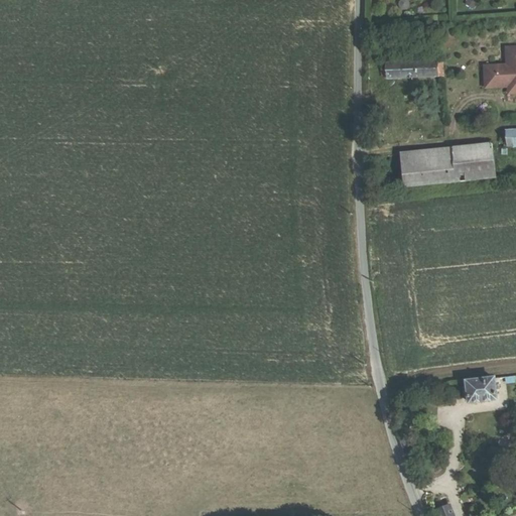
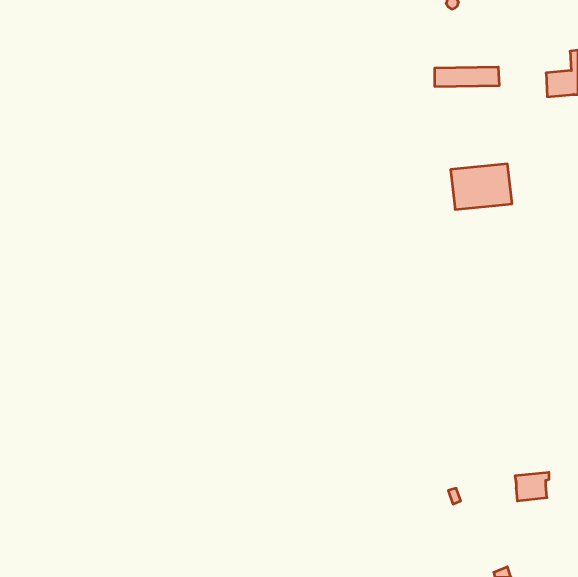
building: [449,141,494,180] -> none
building: [467,374,497,399] -> [515,472,549,501]

